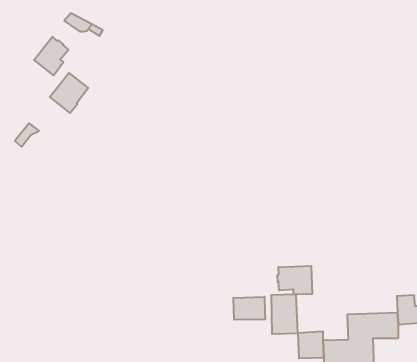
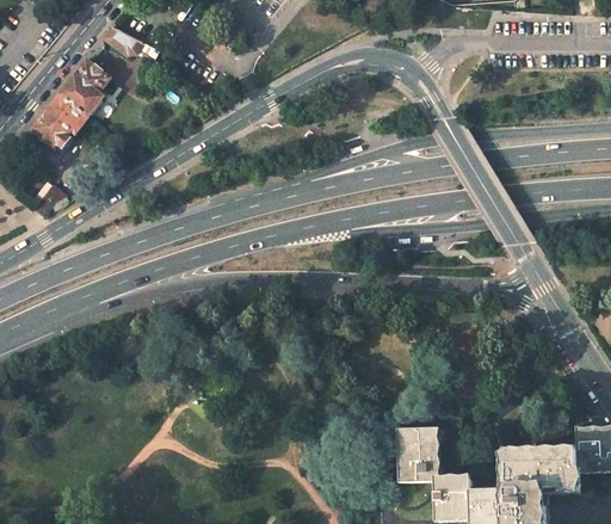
building: [50,73,88,113] -> [33,94,88,152]
building: [278,266,312,294] -> none
building: [233,297,265,320] -> none

